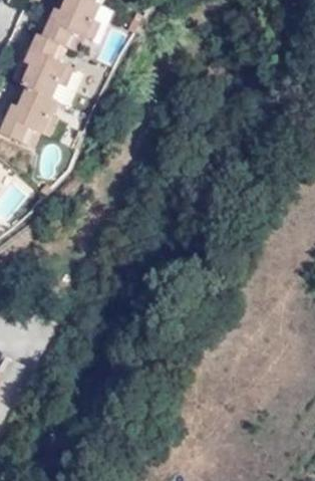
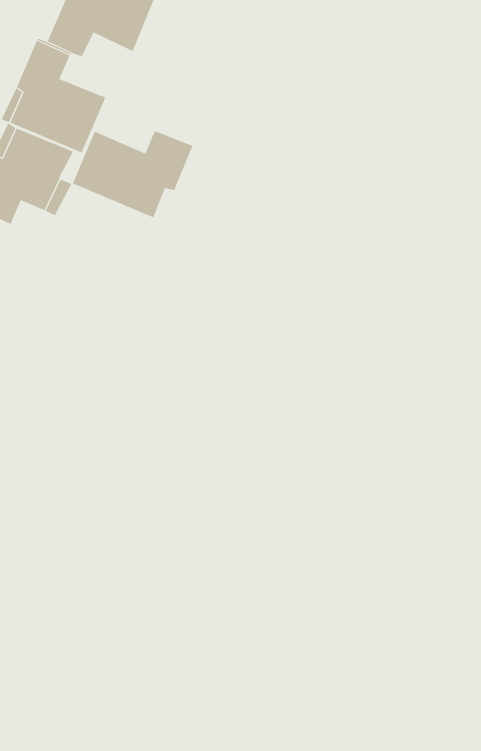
building: none -> [72,130,193,218]

